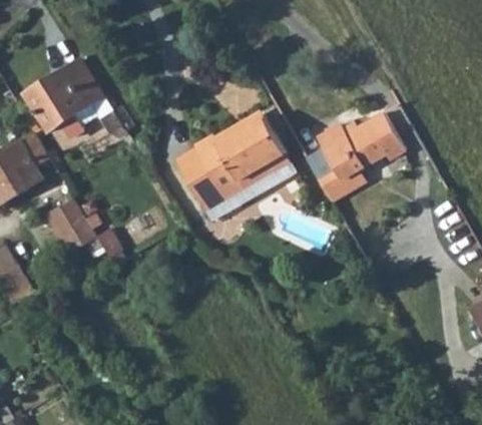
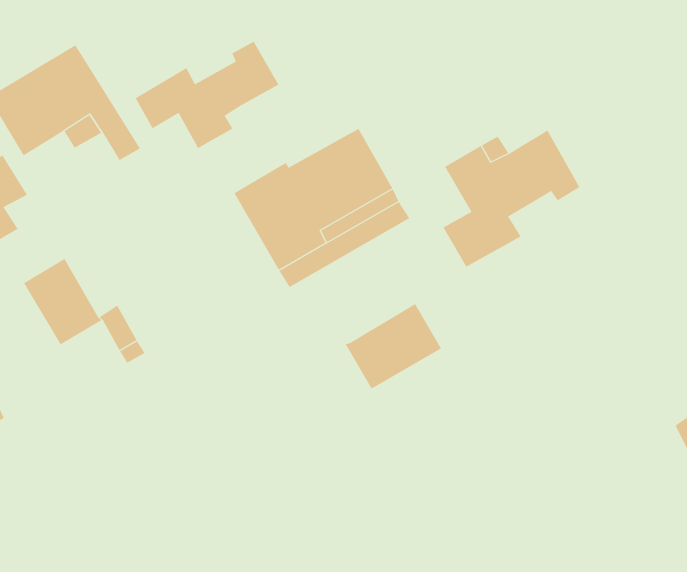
building: none -> [135,41,279,149]
building: none -> [345,303,442,390]

